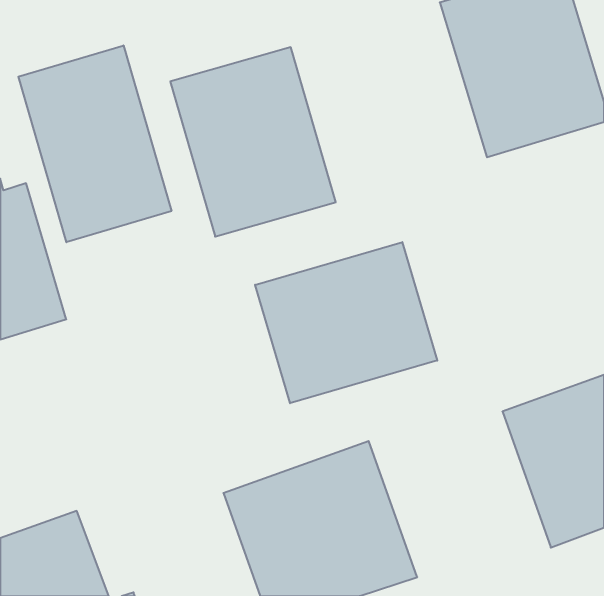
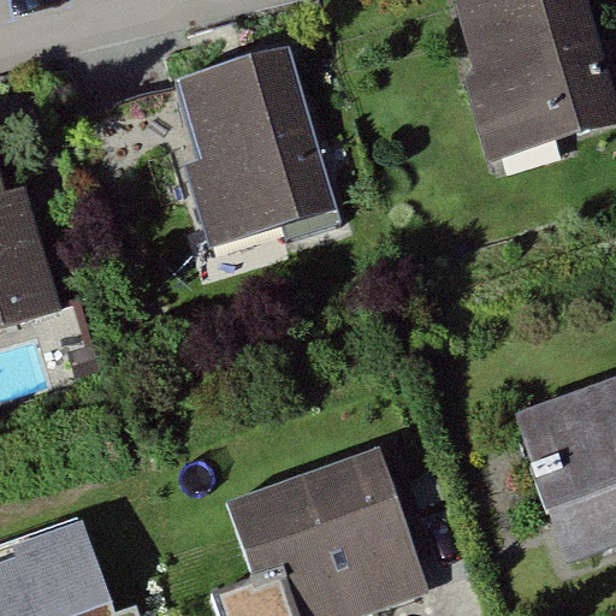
building: [18,45,171,242] -> none
building: [255,242,437,403] -> none

